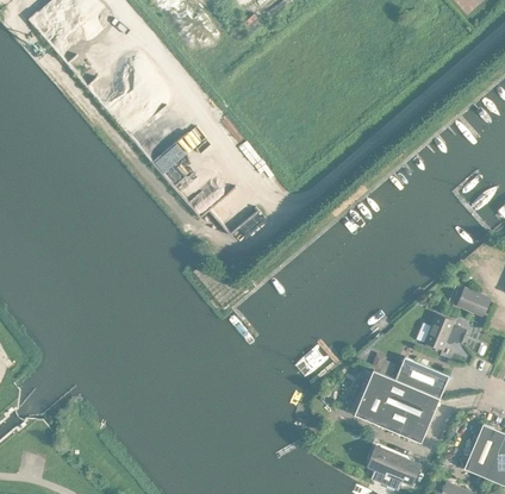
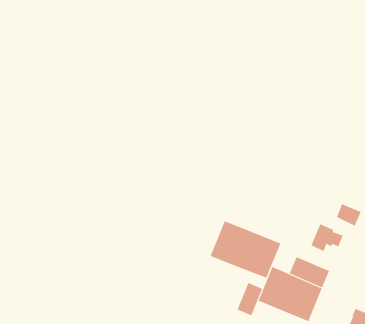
building: none -> [209,220,281,278]
building: none -> [237,282,263,316]

